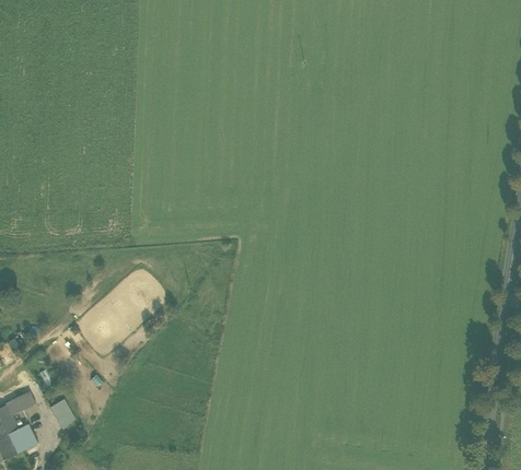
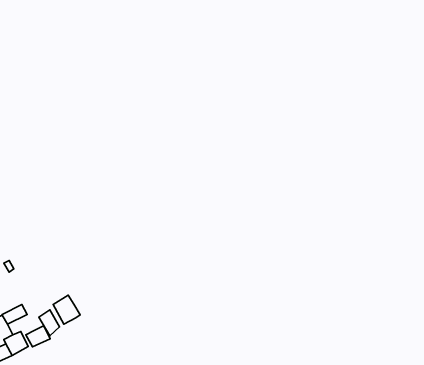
building: none -> [53,295,80,324]
building: none -> [26,326,50,347]

